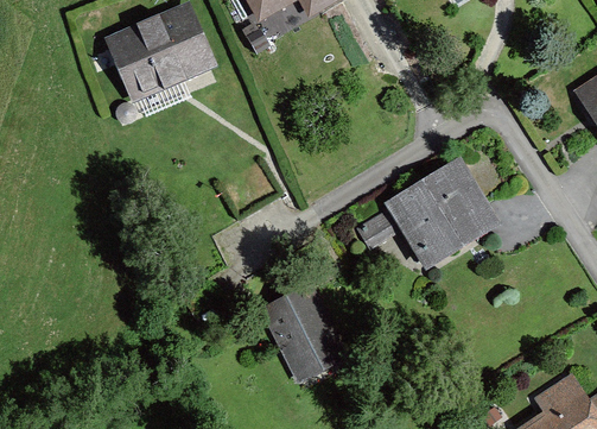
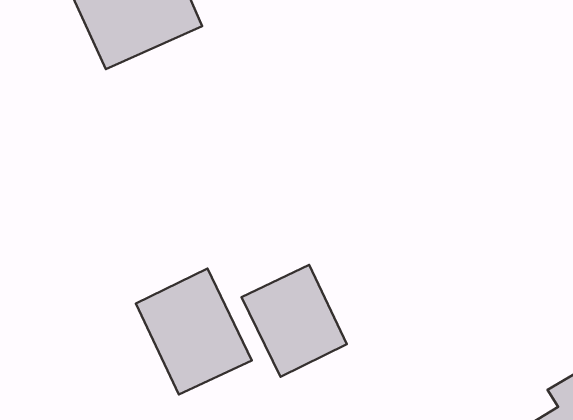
building: [380,157,497,271] -> none
building: none -> [136,269,252,394]

